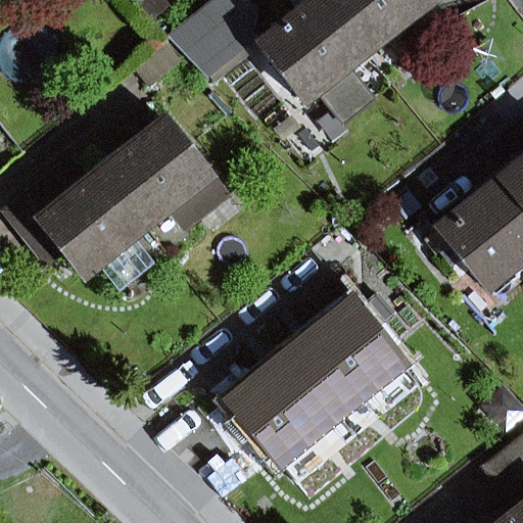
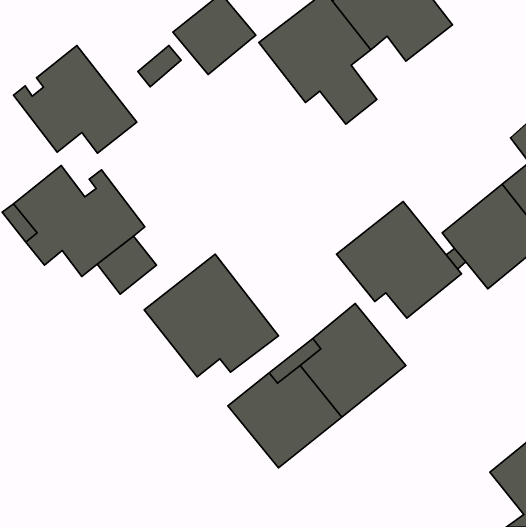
building: [103,118,225,225] -> [14,46,137,153]
building: none -> [337,202,461,318]
building: none -> [144,254,279,377]

